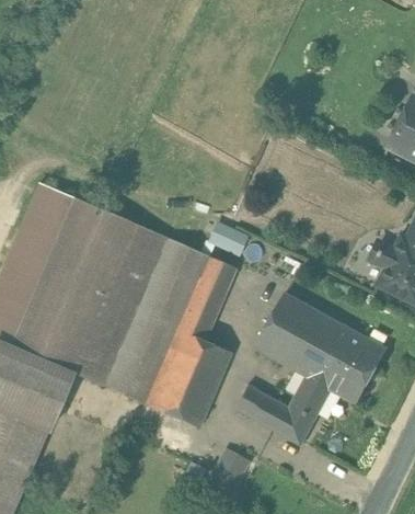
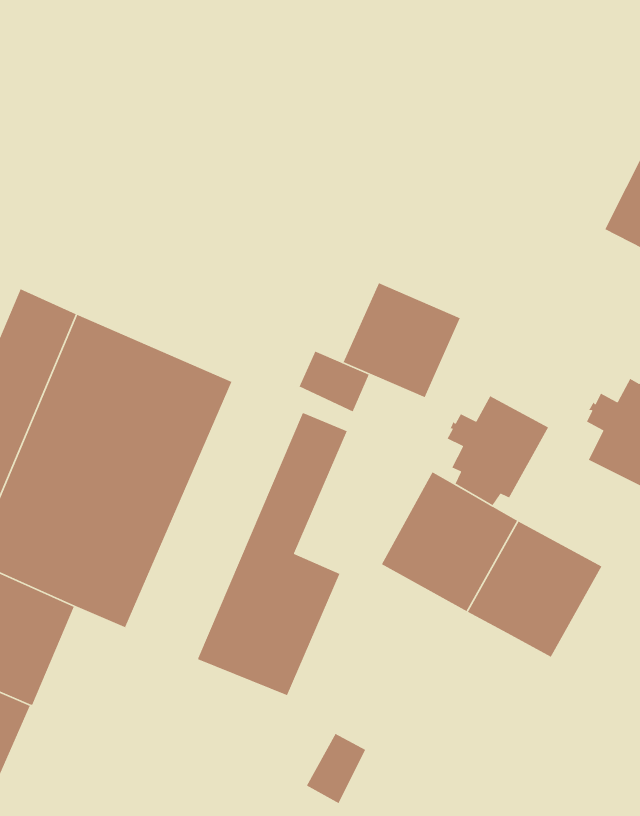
building: none -> [343,282,461,398]
building: [103,238,208,404] -> none
building: none -> [447,395,549,506]
building: [234,376,333,445] -> none

